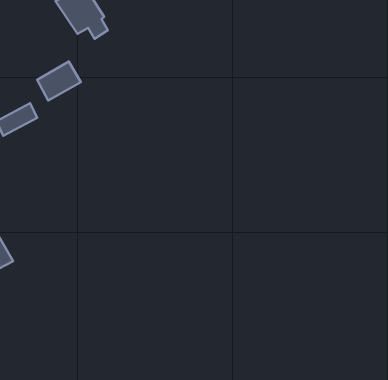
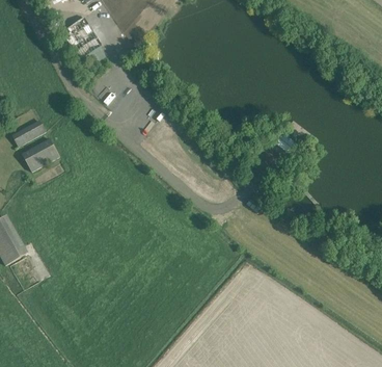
building: [37,62,81,101] -> [22,138,59,172]

